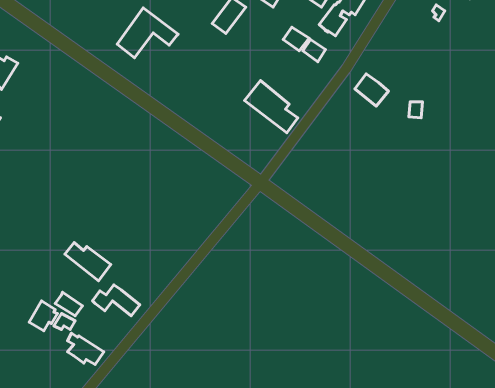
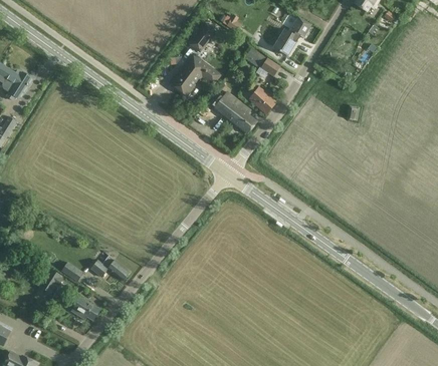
building: [117,8,178,58] -> [170,54,219,94]
building: [355,74,389,106] -> [248,88,275,114]
building: [65,242,111,281] -> none

